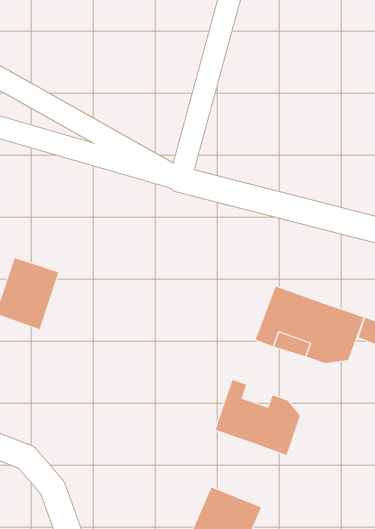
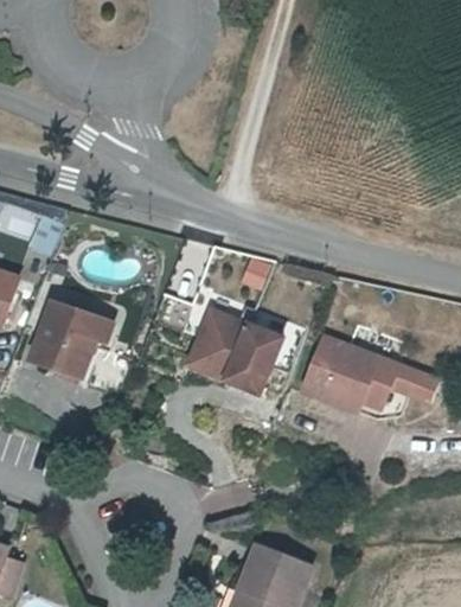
building: none -> [190,307,281,389]
building: [215,379,301,456] -> none

